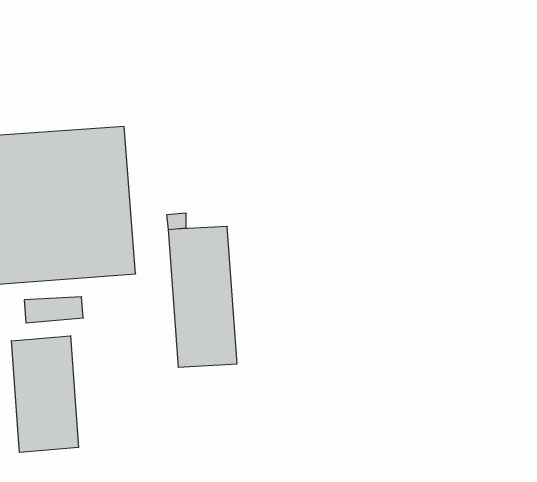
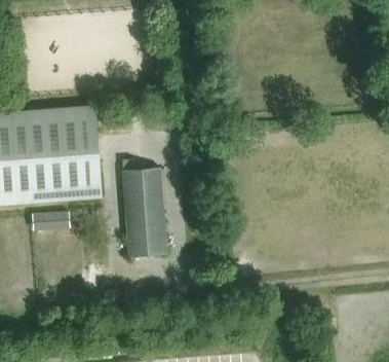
building: [12,336,79,452] -> none

